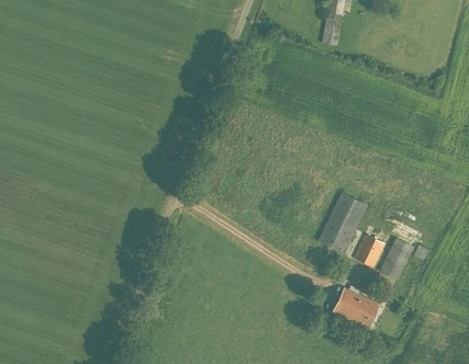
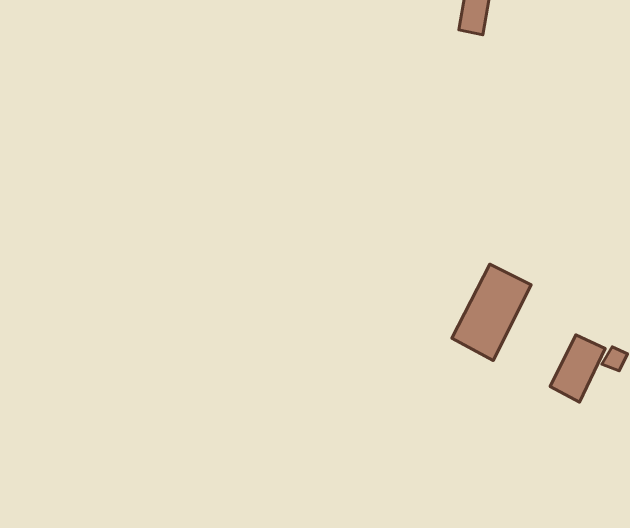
building: [353,232,384,268] -> none
building: [332,287,379,328] -> none

